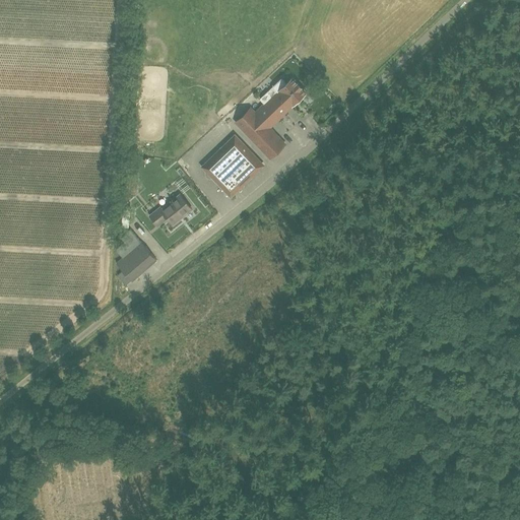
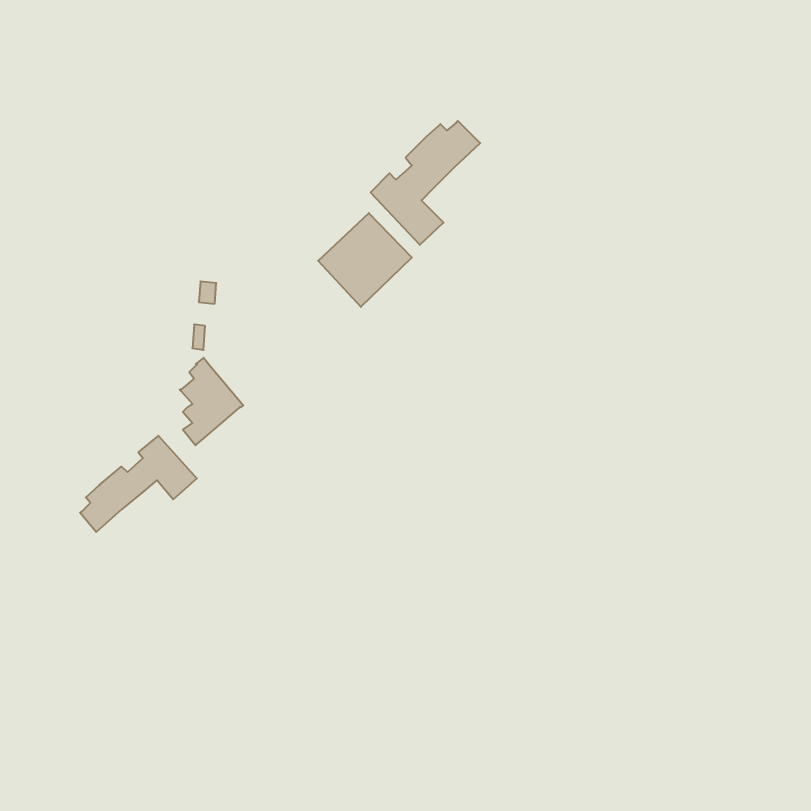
building: [151,195,192,226] -> none
building: none -> [80,436,197,532]

